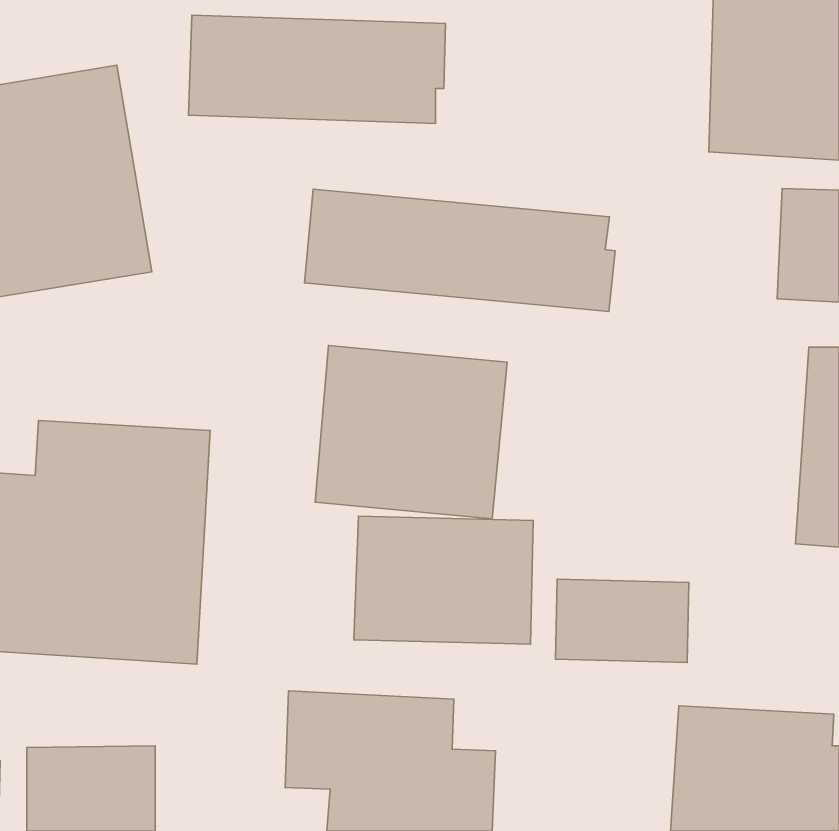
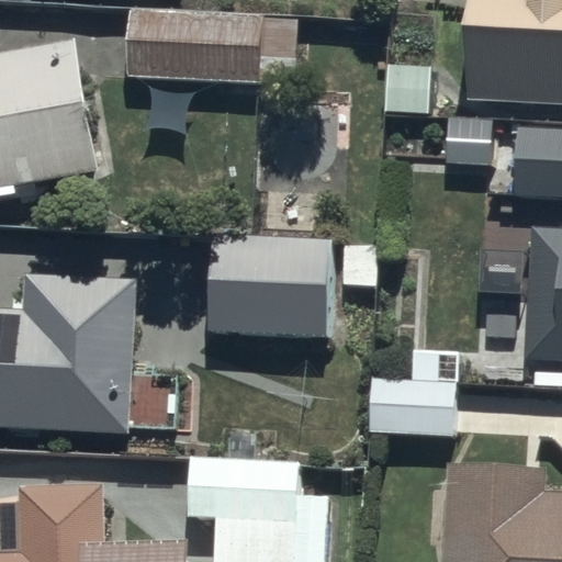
building: [305,189,615,311] -> none
building: [354,516,533,644] -> none

